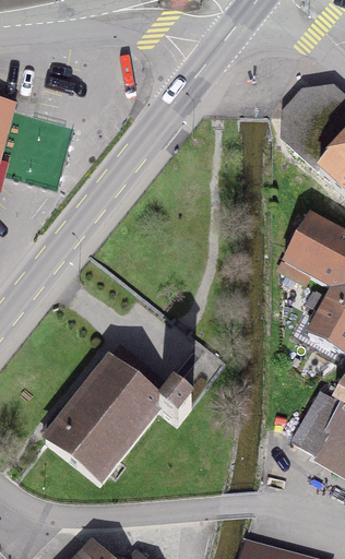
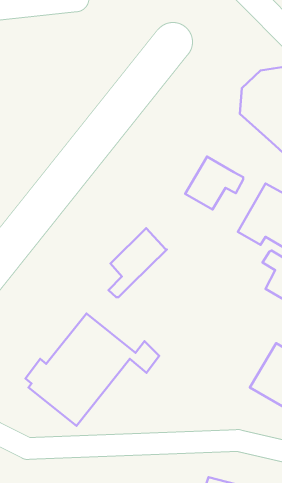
building: none -> [185,157,243,209]
building: none -> [108,228,167,297]

